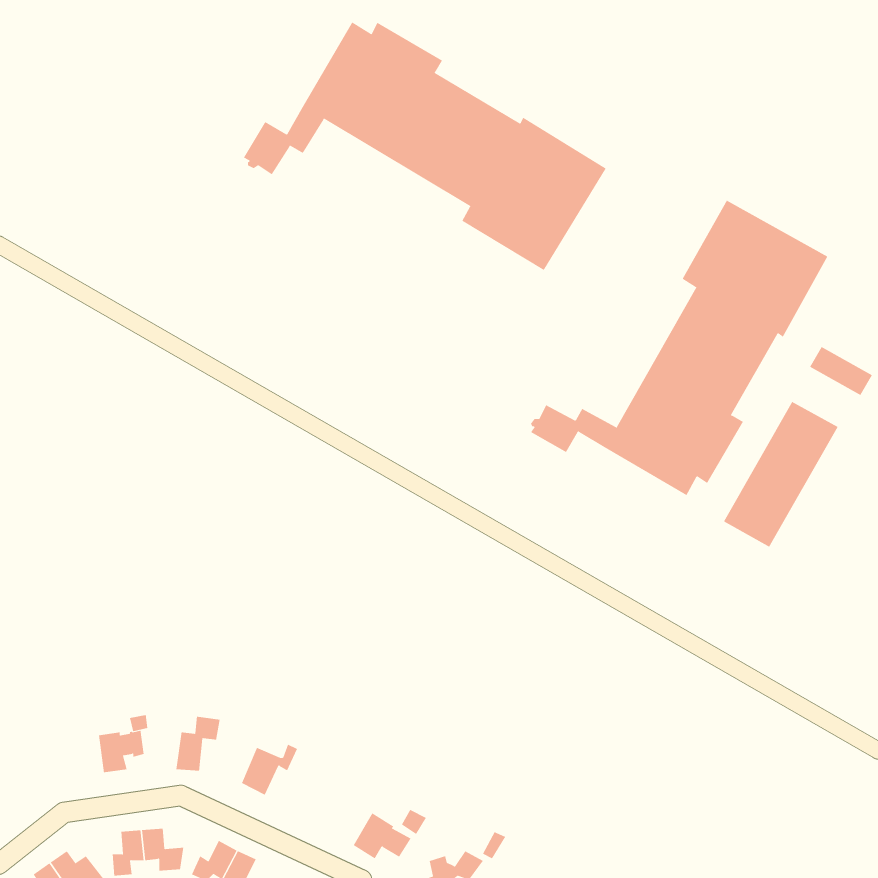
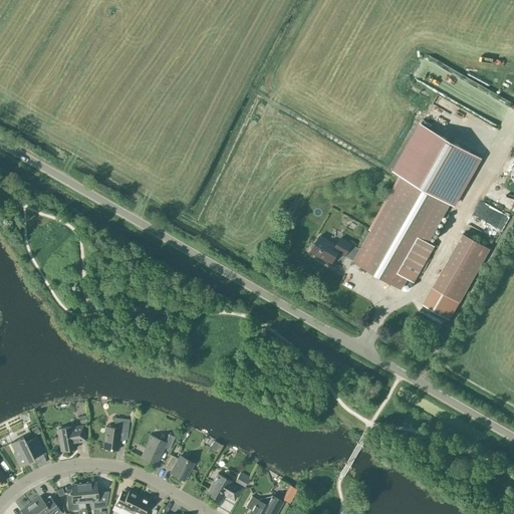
building: [243,21,606,271] -> none
building: none -> [9,438,41,468]
building: none -> [165,457,193,481]

